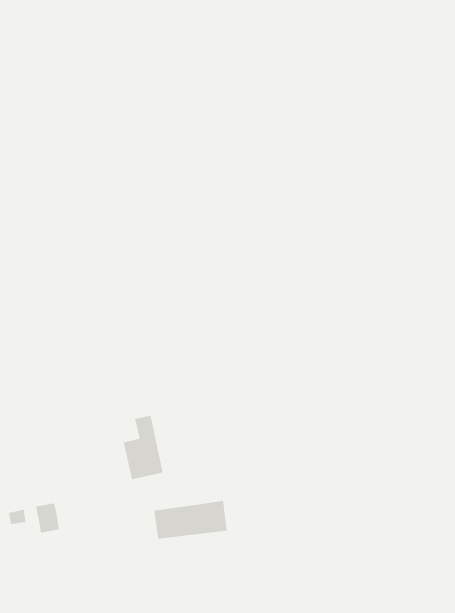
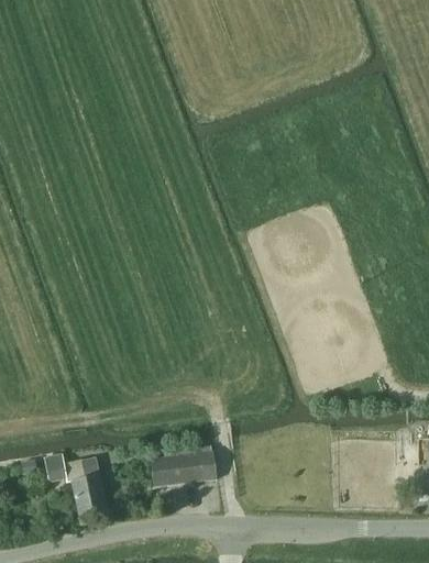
building: [123,415,164,480] -> [70,455,107,514]

